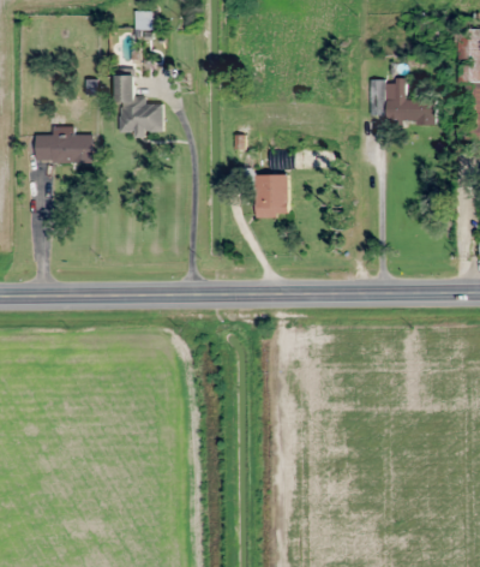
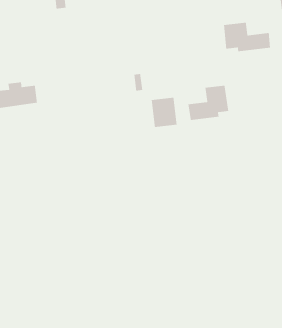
building: [118,74,158,142] -> none
building: none -> [187,85,229,121]

